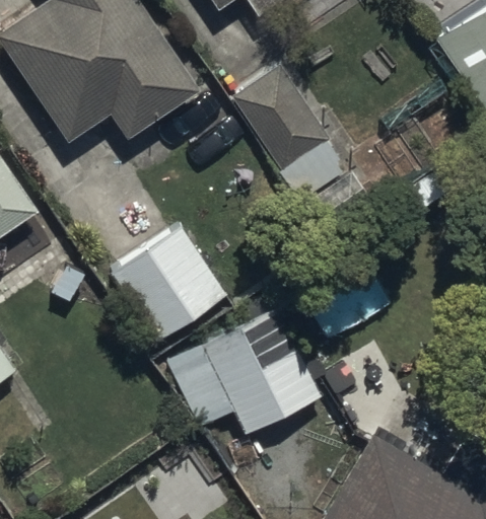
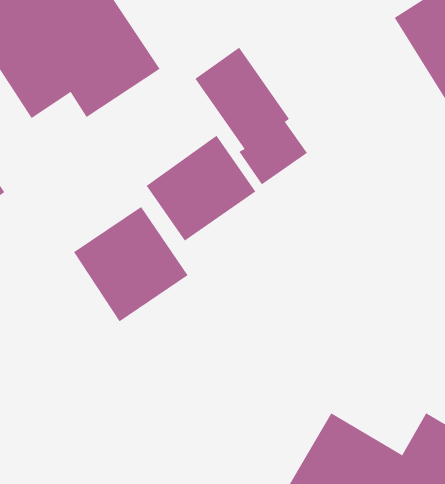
building: none -> [146,135,256,241]
building: [166,295,321,436] -> none

